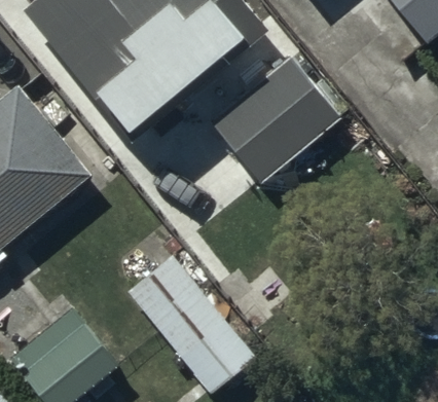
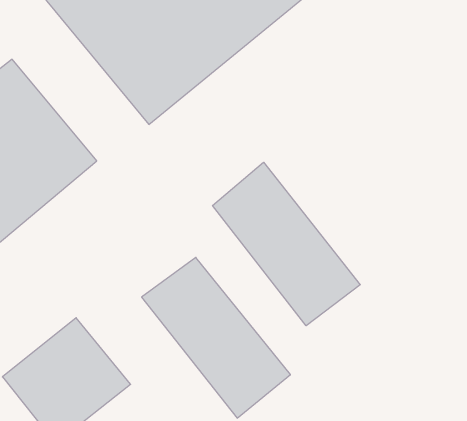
building: [210,50,372,182] -> none
building: none -> [213,162,360,326]

